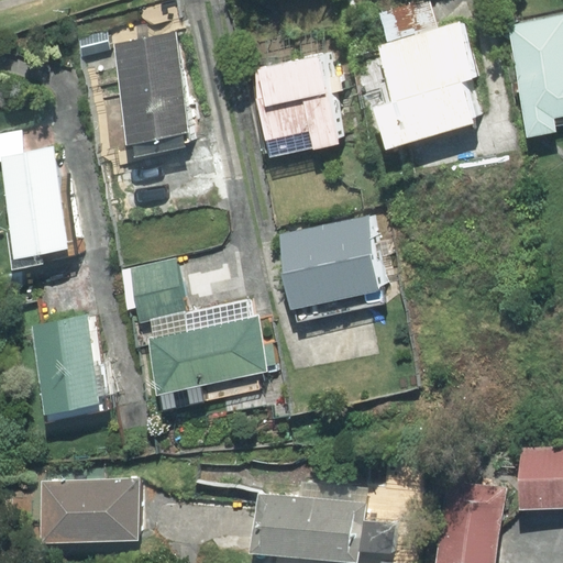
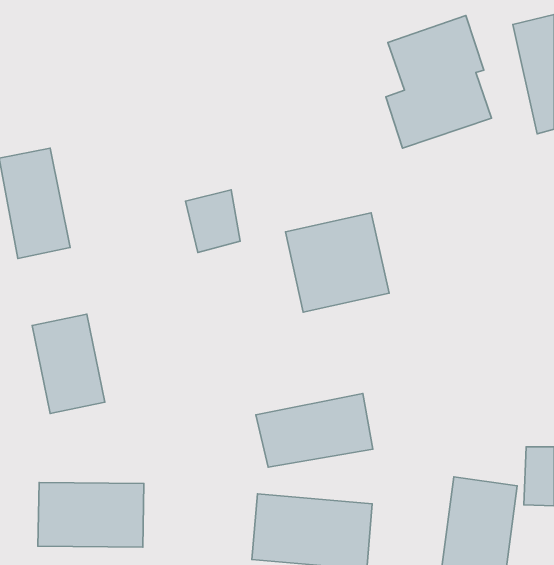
building: [108,32,191,143] -> none
building: [255,52,344,153] -> none
building: [124,262,178,323] -> [185,190,240,252]
building: [148,320,264,393] -> [256,394,373,467]

